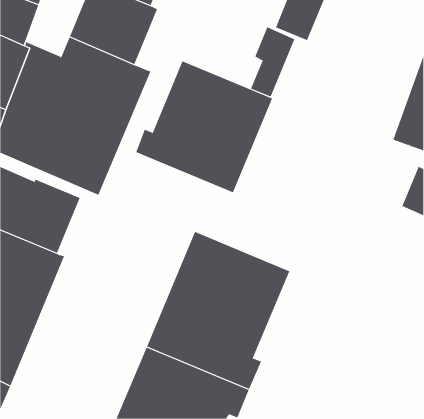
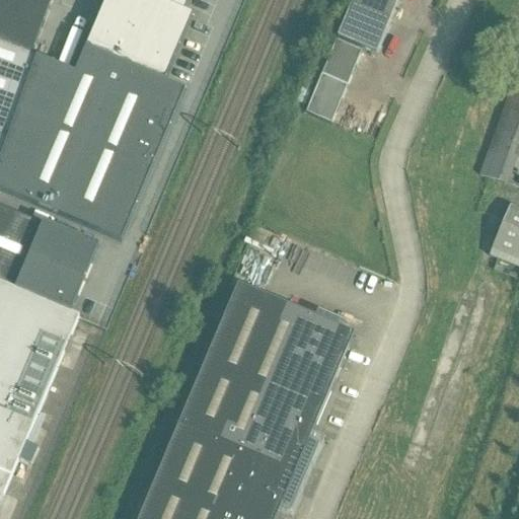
building: [135,61,273,193] -> none

